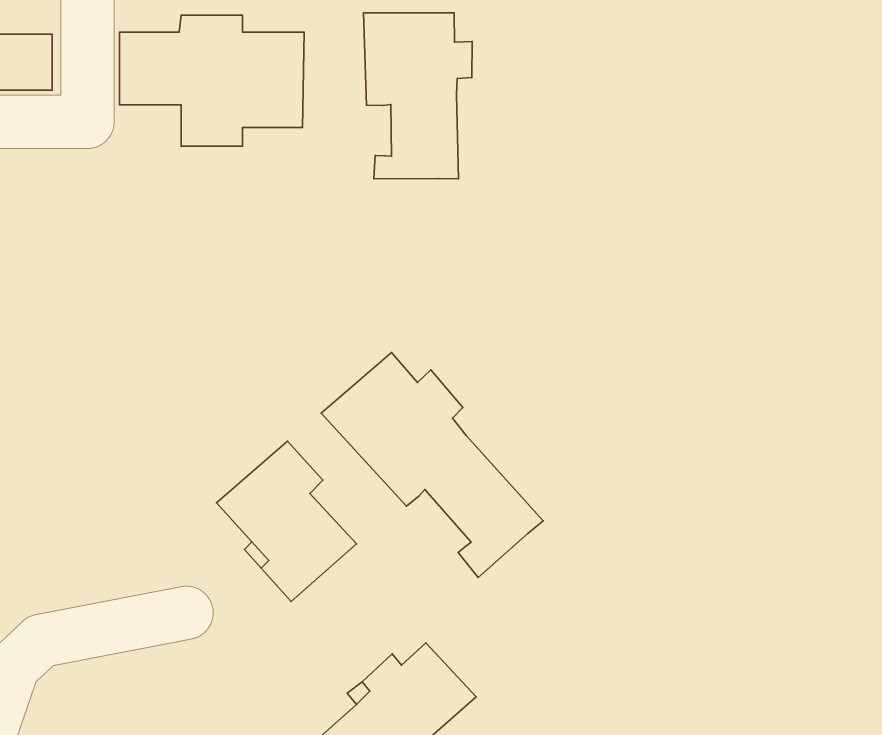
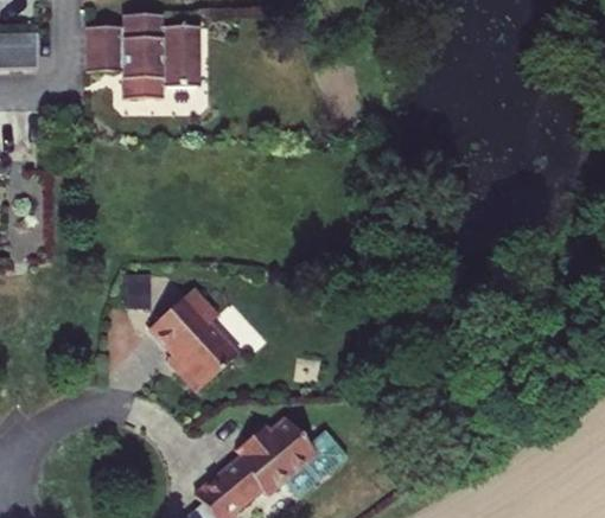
building: [363,13,472,179] -> none
building: [321,353,543,577] -> none

